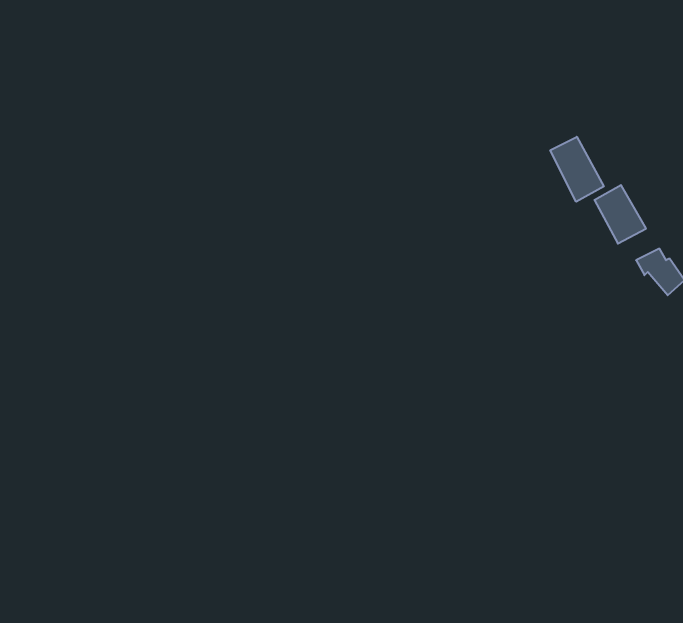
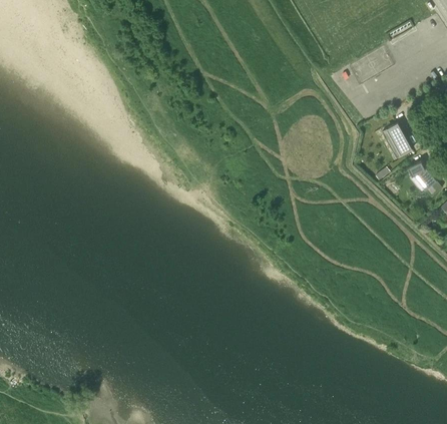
building: [550,137,604,202] -> none

